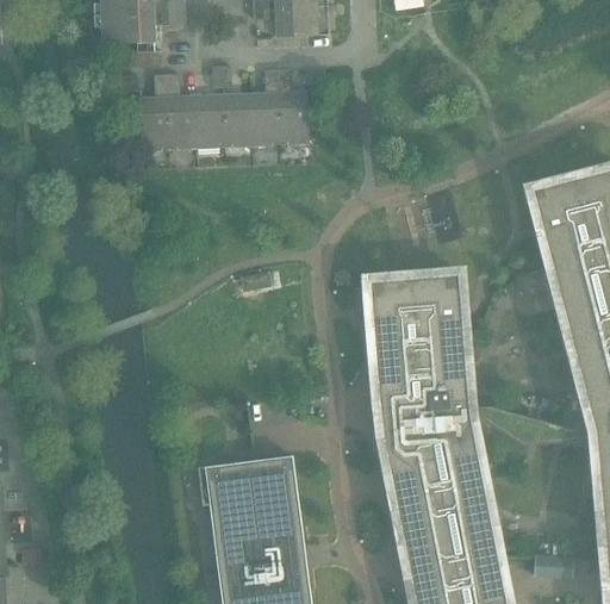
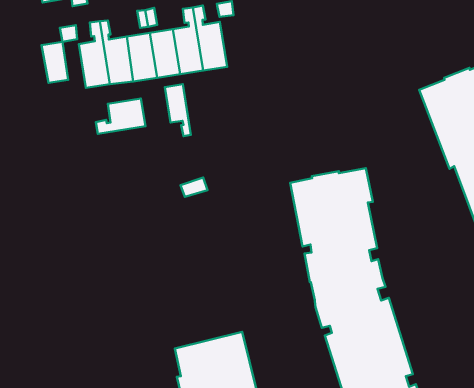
building: none -> [42,42,68,83]
building: none -> [165,84,191,136]
building: none -> [96,99,146,134]

